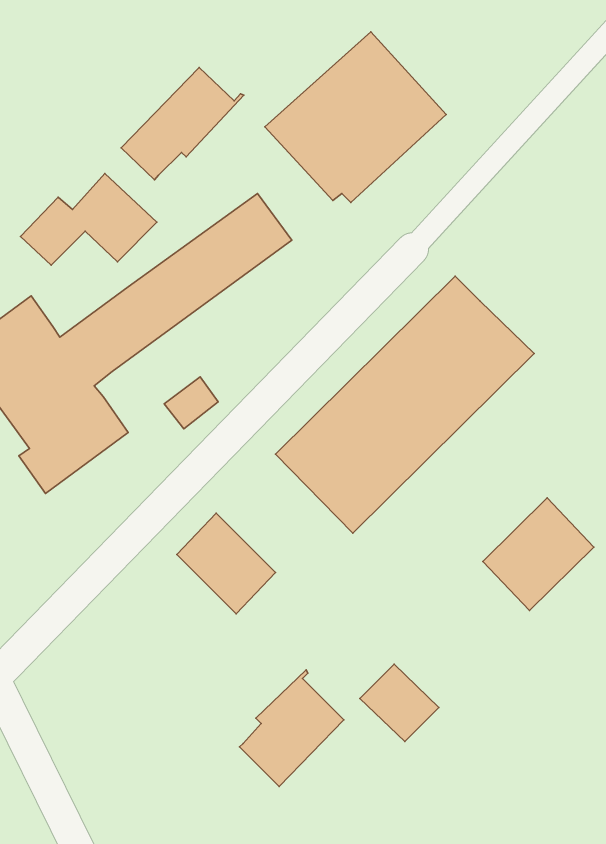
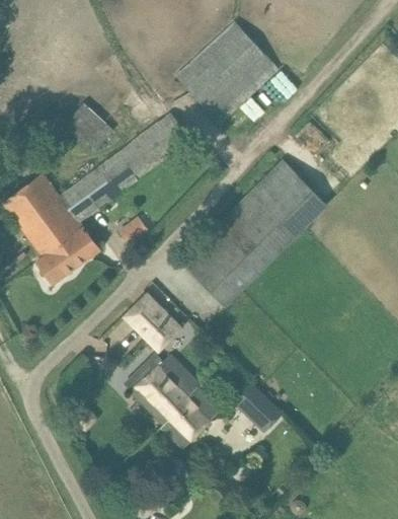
building: [121,67,244,180] -> none
building: [483,498,594,611] -> none
building: none -> [123,353,198,424]

